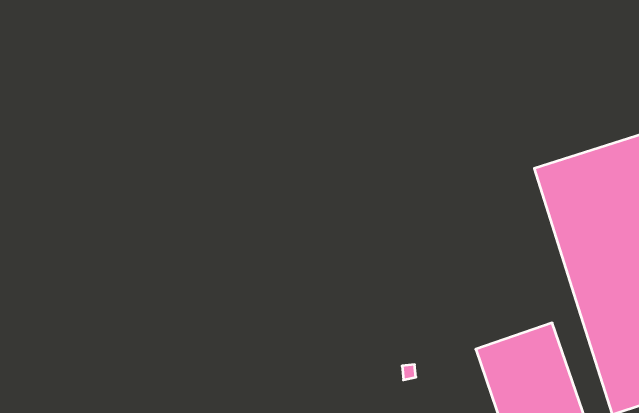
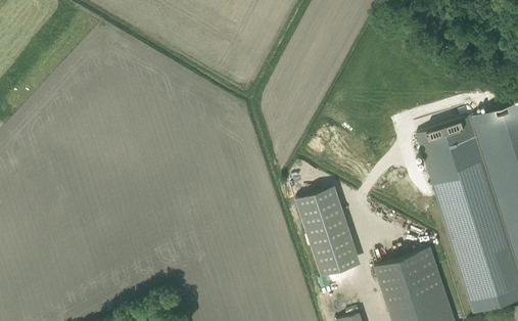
building: none -> [297,184,362,276]

